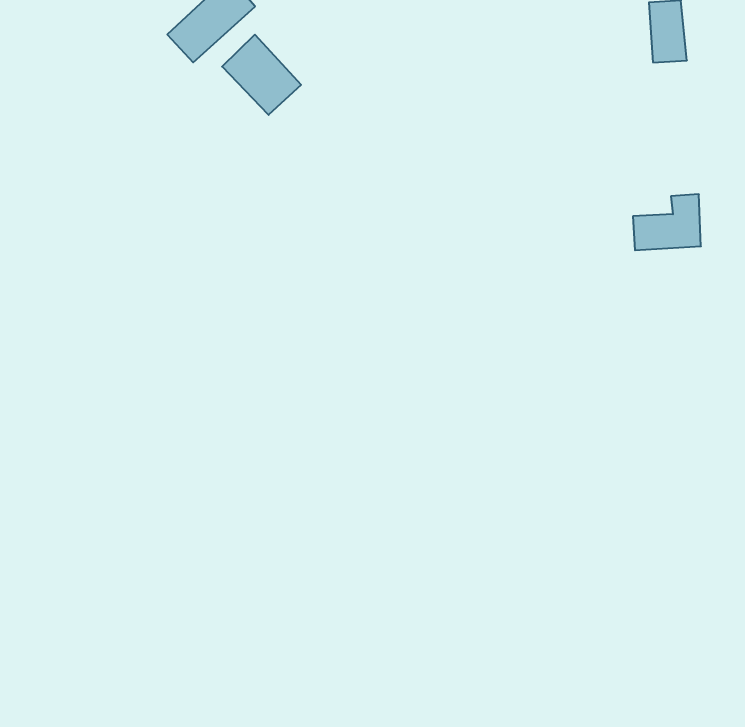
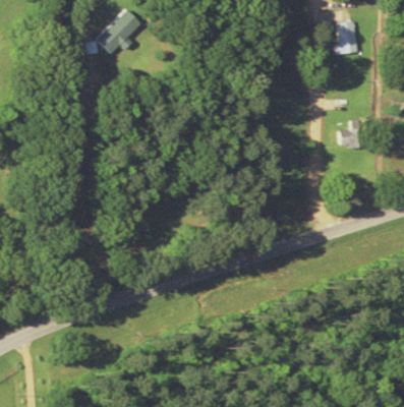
building: [222,35,301,115] -> none

